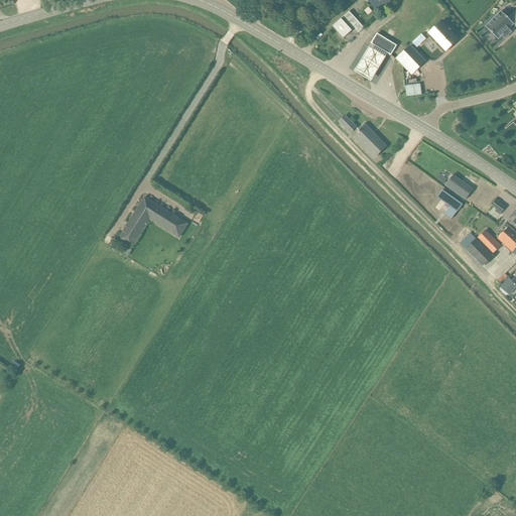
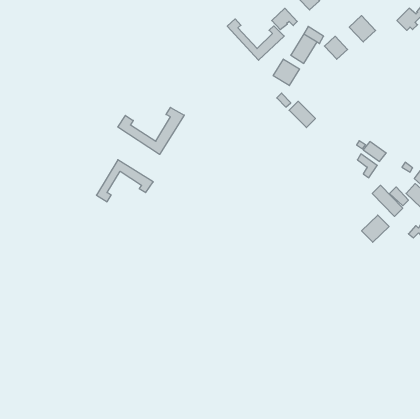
building: none -> [227,19,284,60]
building: none -> [273,59,300,86]
building: none -> [118,107,184,154]
building: none -> [362,215,389,242]

